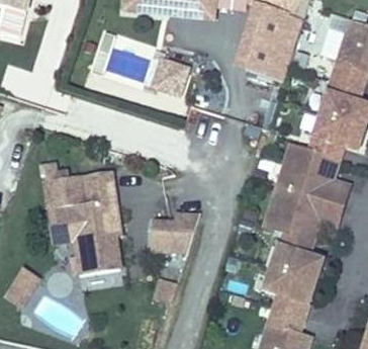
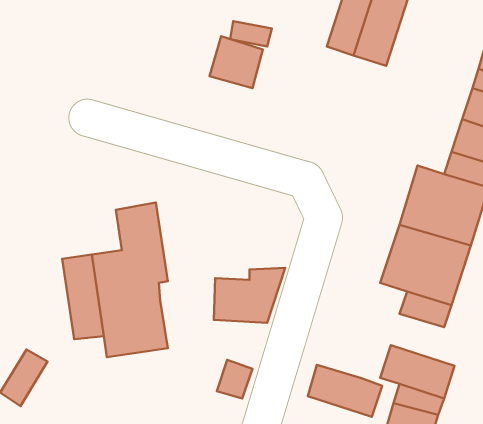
building: [45,174,90,207] -> none
building: [273,245,324,280] -> [308,365,382,417]

